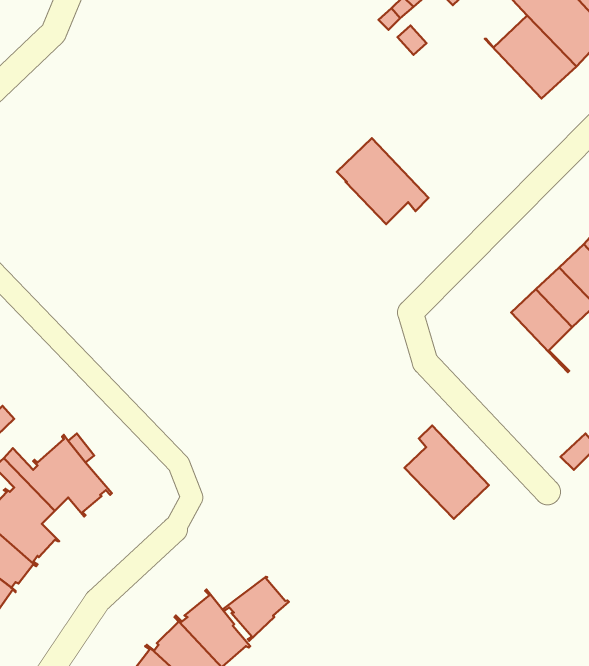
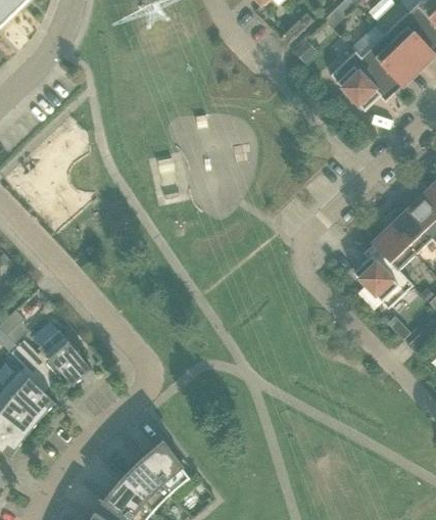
building: [337,138,429,224] -> [329,51,393,111]
building: [404,425,489,519] -> [352,243,411,309]
building: [223,577,289,641] -> none

